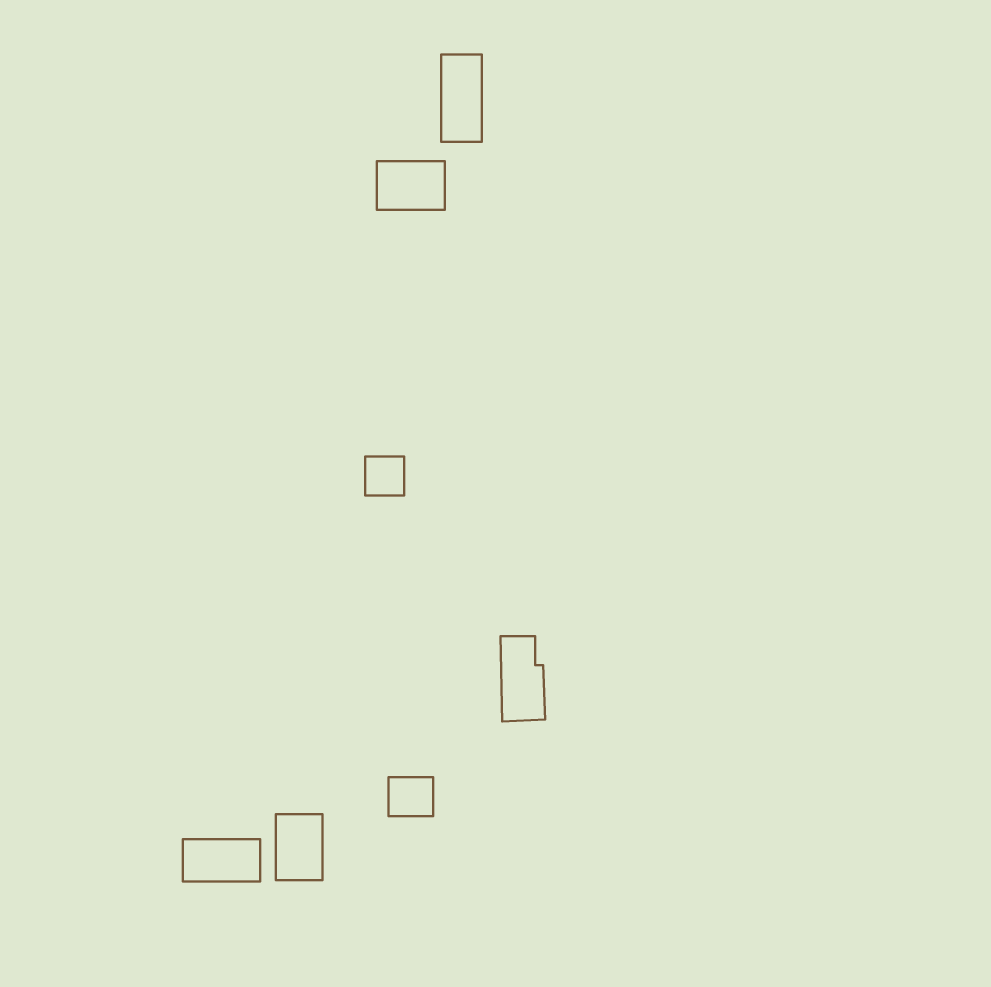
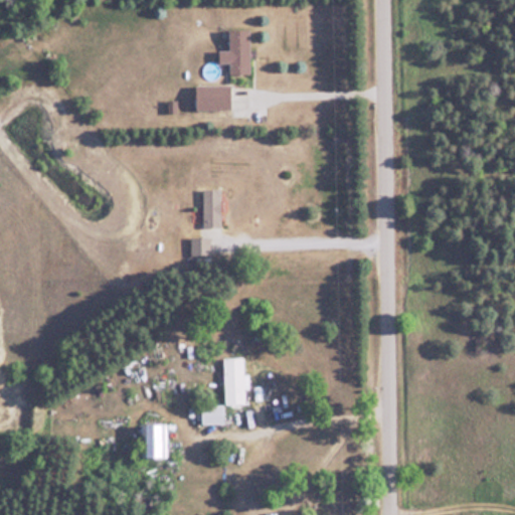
building: none -> [202,191,220,229]
building: [500,636,545,722] -> [224,361,247,405]
building: [183,839,260,882] -> none

